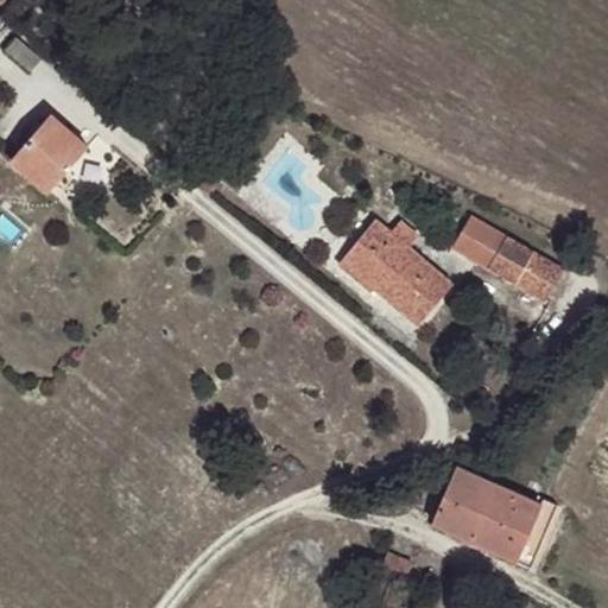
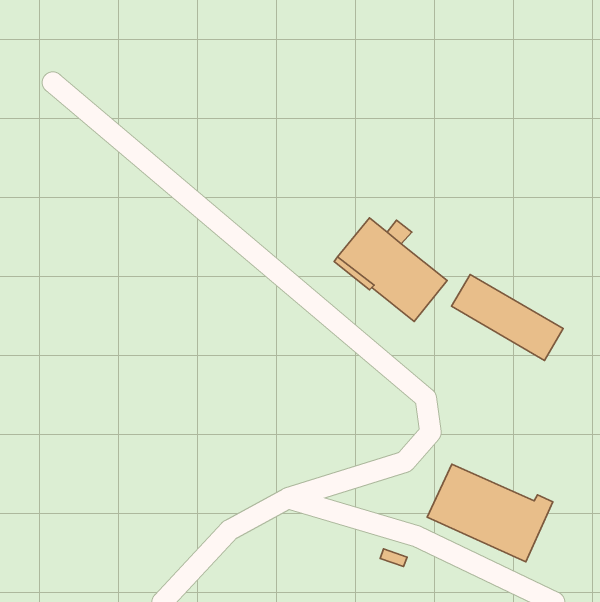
building: [11,114,87,191] -> none
building: [451,215,564,302] -> [451,274,563,360]

